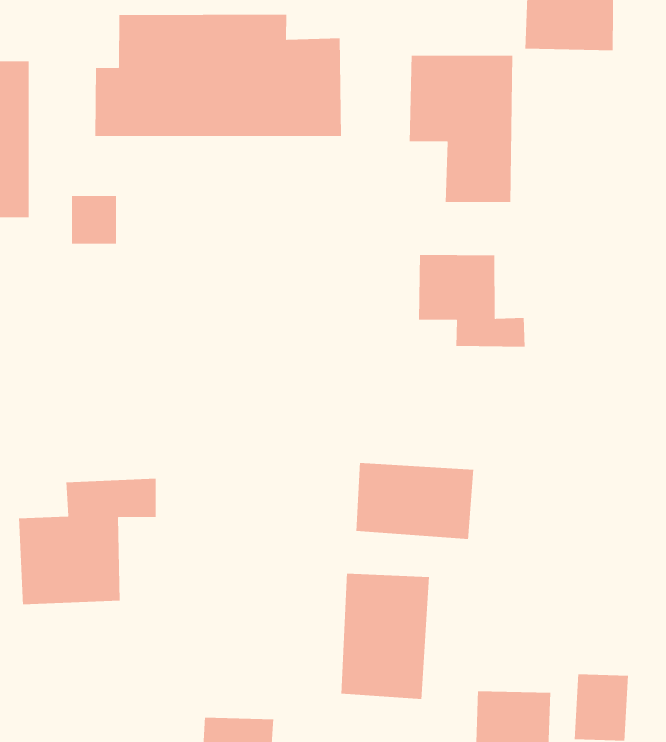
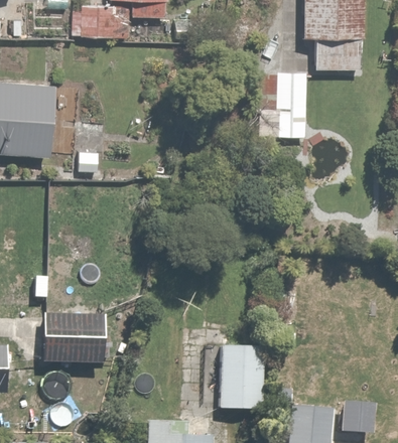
building: [95,14,342,137] -> none
building: [418,254,526,347] -> none
building: [356,462,474,540] -> none

